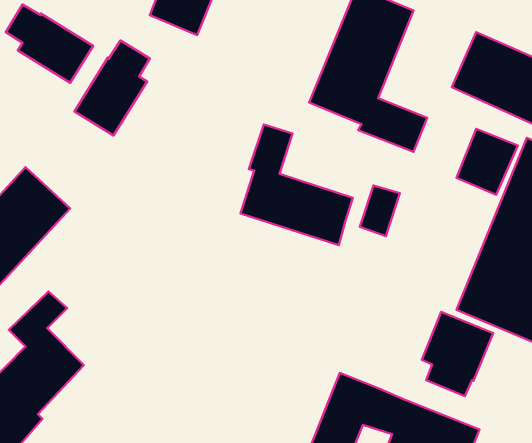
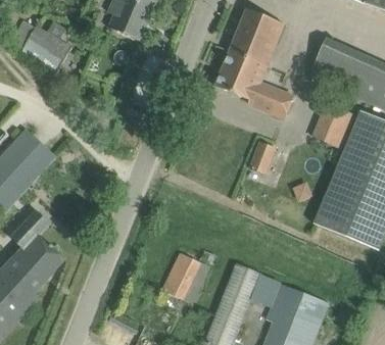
building: [74,40,150,136] -> none
building: [241,125,353,245] -> none
building: [422,312,493,396] -> none
building: none -> [162,250,210,302]

